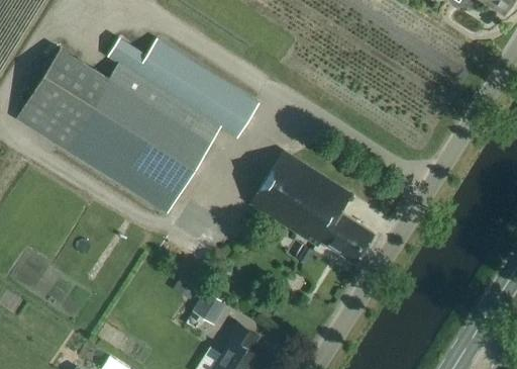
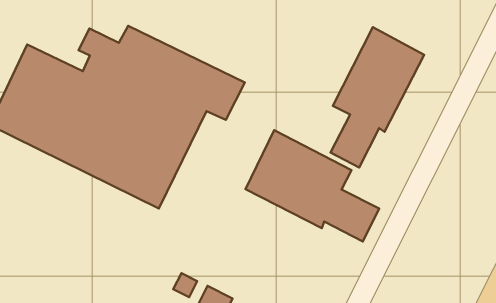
building: none -> [331,27,424,168]

